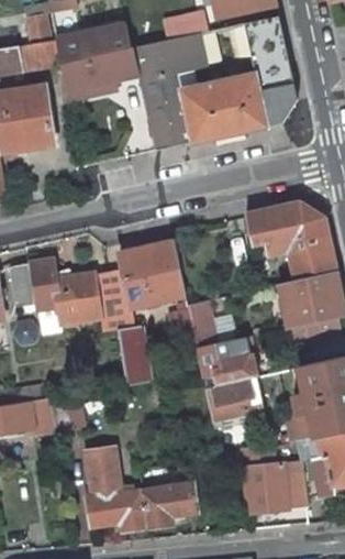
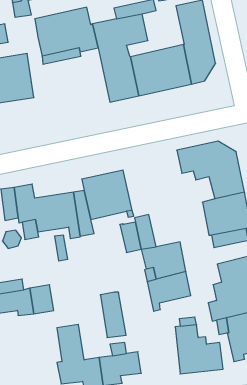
building: [16,40,60,70] -> none
building: [116,326,151,386] -> [100,292,126,338]

